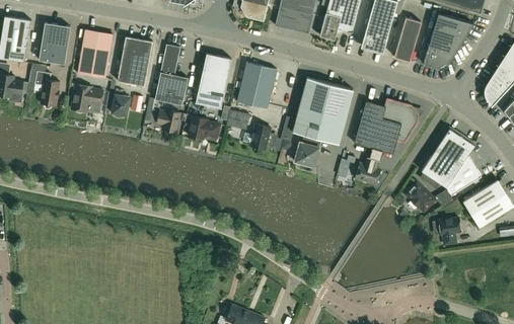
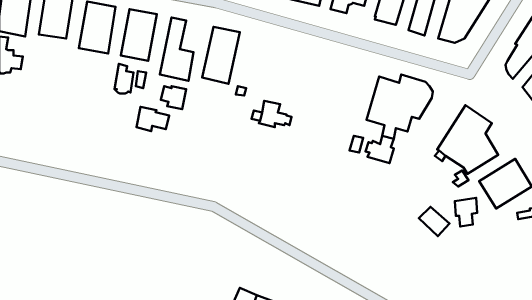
building: [236,62,277,109] -> none
building: [34,71,60,109] -> none
building: [292,78,354,167] -> none
building: [71,85,102,112] -> none
building: [189,116,220,140] -> [136,107,169,131]
building: [406,183,435,212] -> [419,207,450,236]

